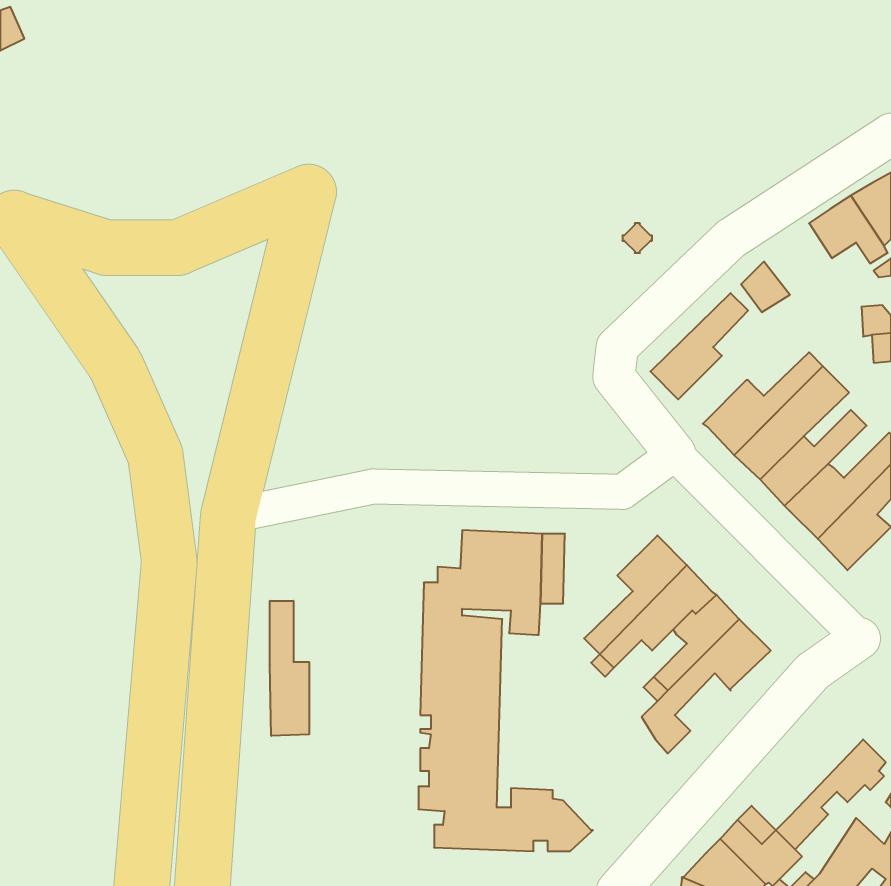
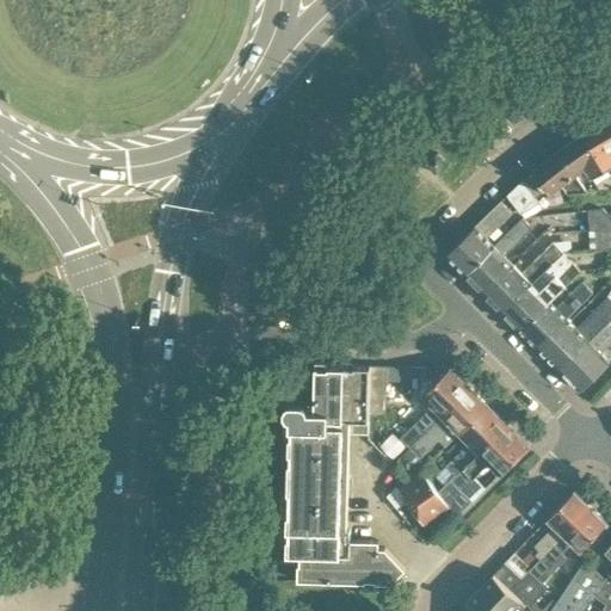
building: none -> [523,156,585,205]
building: none -> [464,221,532,294]
building: [270,601,309,736] -> none
building: none -> [397,473,449,527]
building: none -> [535,493,591,562]

